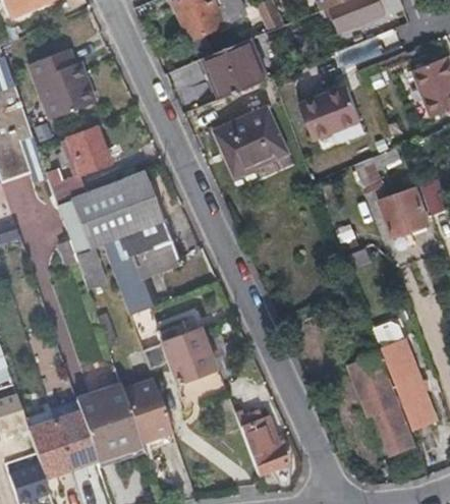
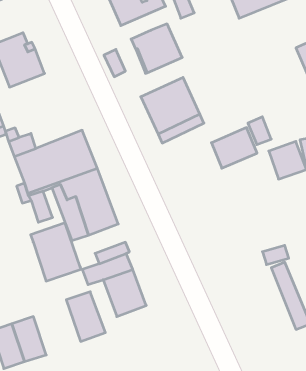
building: [301,85,359,136] -> [211,128,257,168]
building: [62,129,109,177] -> none
building: [352,350,418,451] -> none
building: [77,385,142,459] -> [31,223,81,281]
building: [241,416,289,473] -> none

